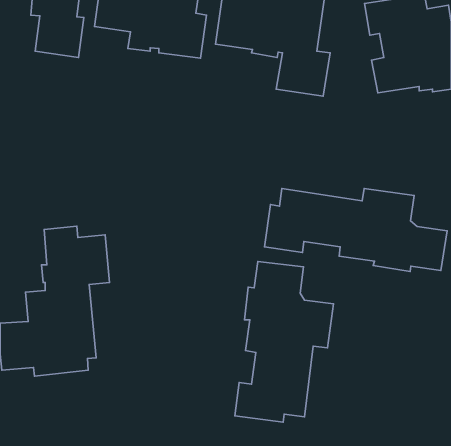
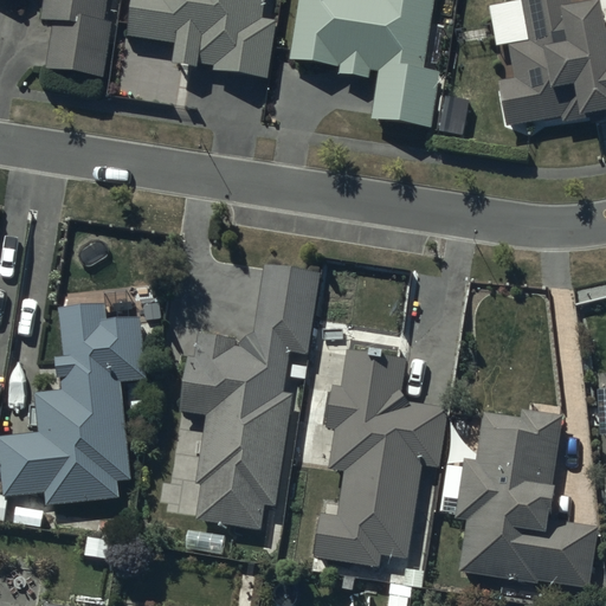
building: [264,188,447,272] -> none
building: none -> [181,264,321,529]
building: none -> [439,408,598,588]

